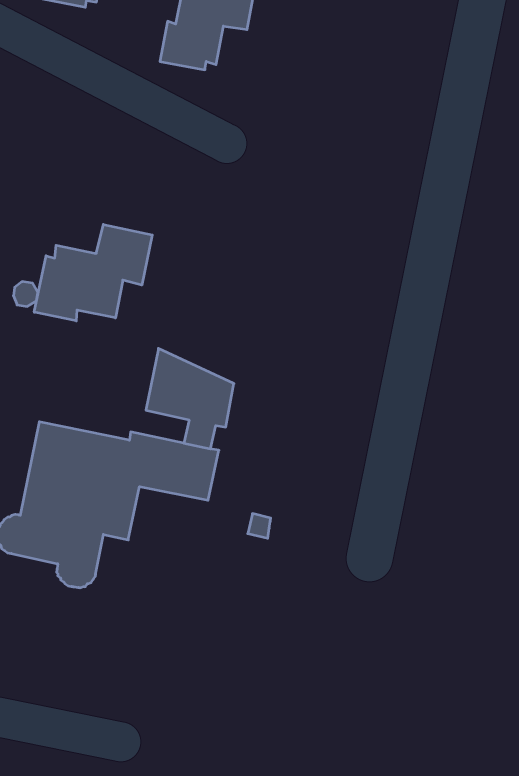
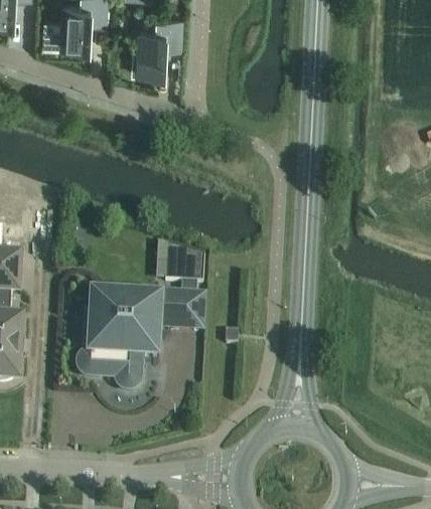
building: [34,224,152,321] -> none

